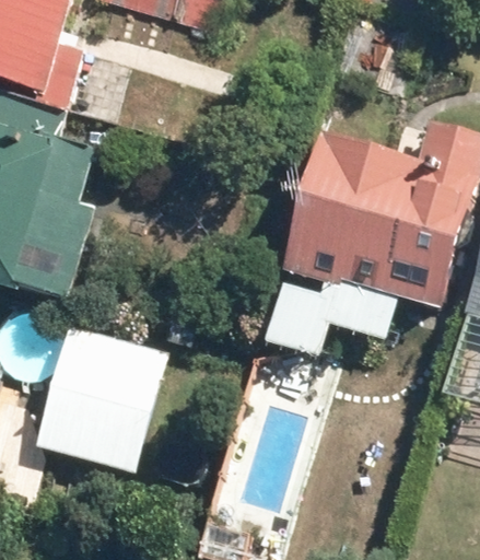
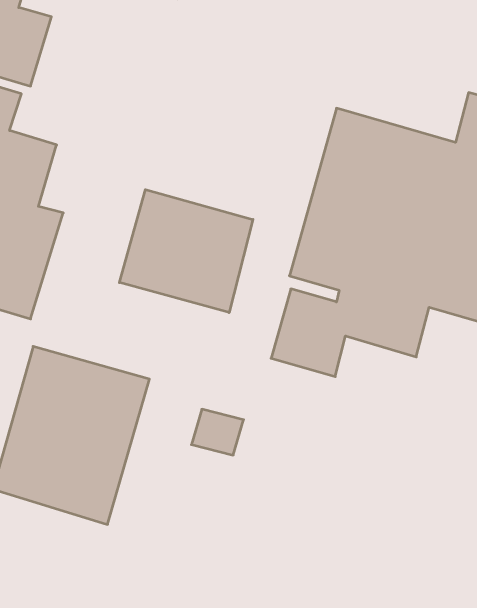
building: none -> [119,190,253,313]

